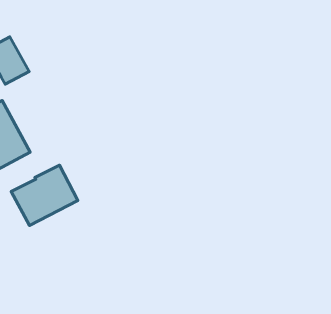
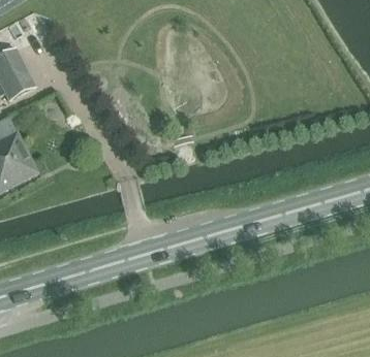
building: [11,165,78,225] -> none

